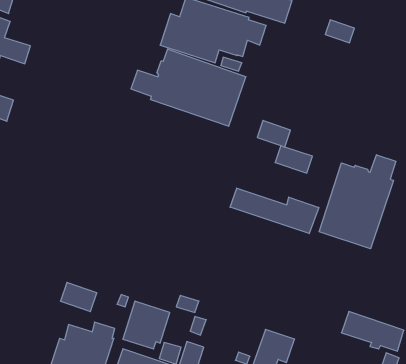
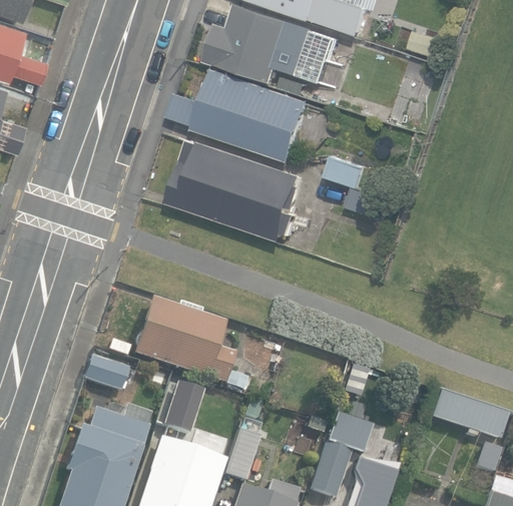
building: none -> [169,140,306,241]
building: [319,155,396,249] -> none
building: [230,188,319,234] -> none
building: none -> [133,297,235,384]

